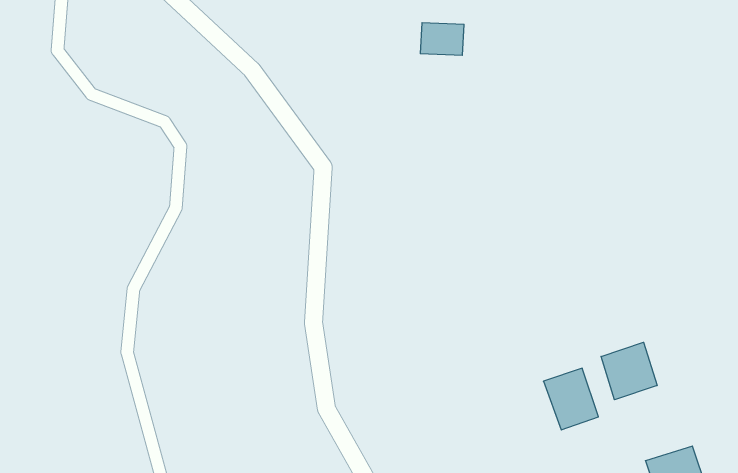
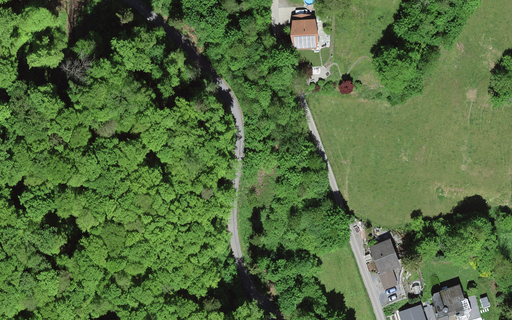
building: [601,342,657,400] -> none

